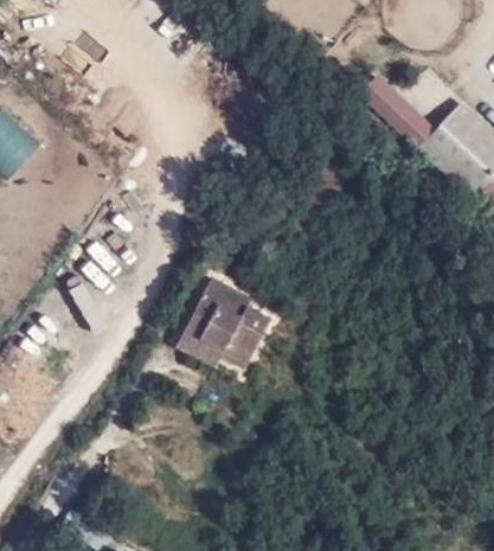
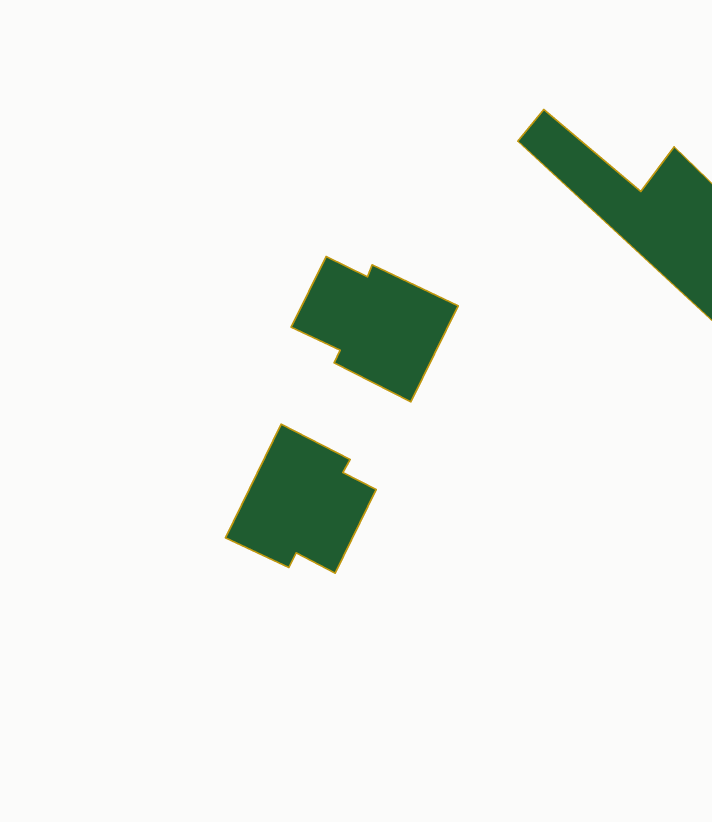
building: none -> [291,257,458,402]

